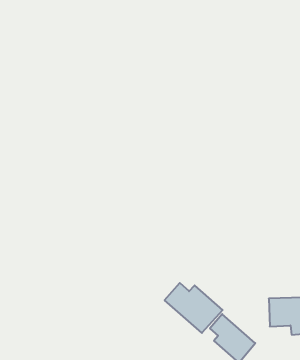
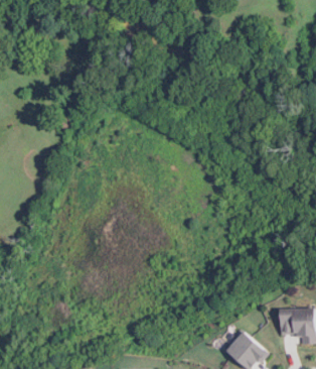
building: [165,283,223,333] -> none

